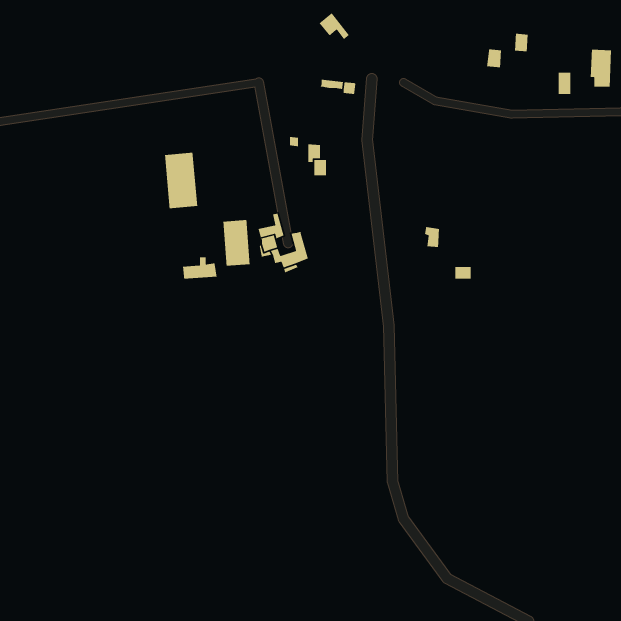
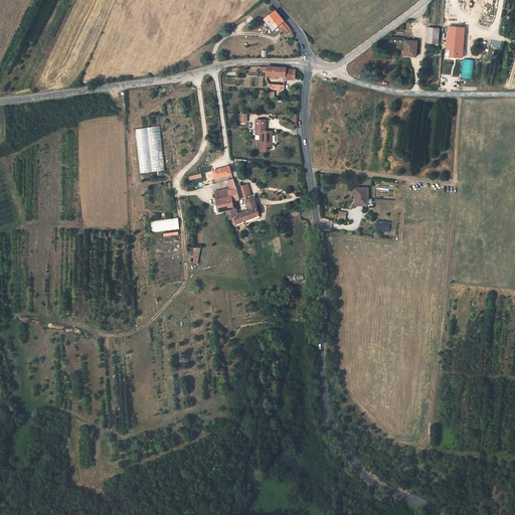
building: [590,49,612,88] -> [447,25,465,57]
building: [223,219,251,267] -> none

